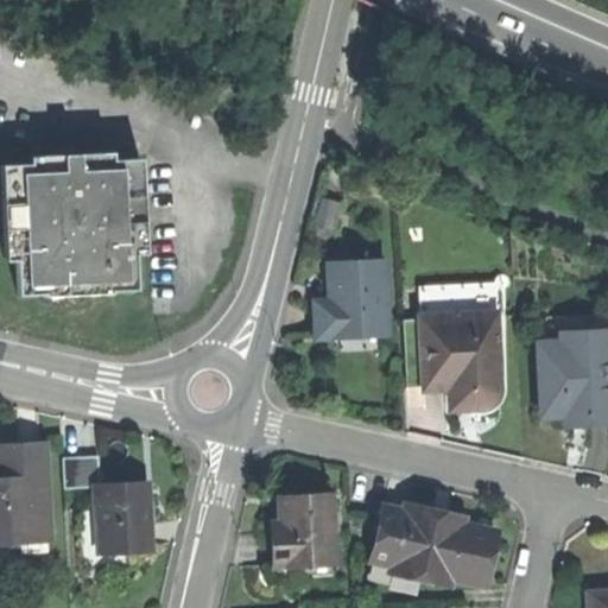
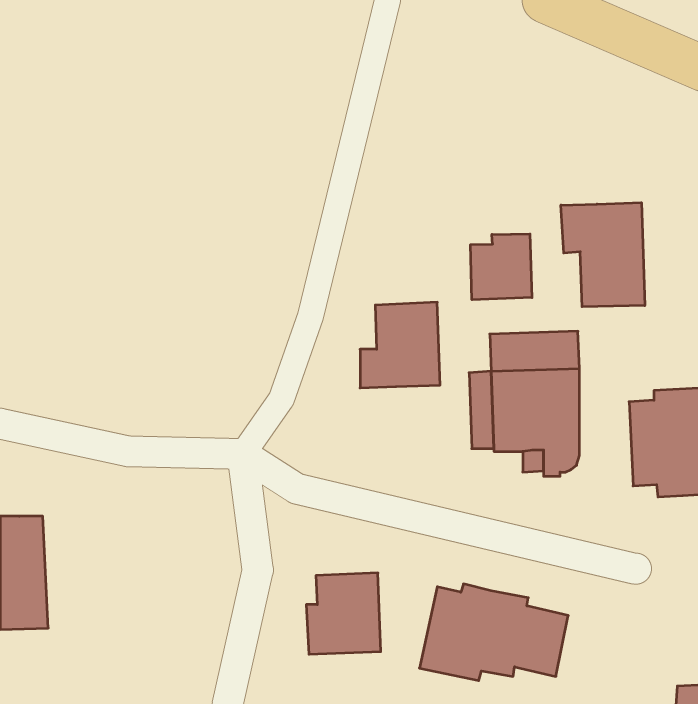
building: [12,151,138,294] -> none
building: none -> [561,203,645,307]
building: none -> [471,234,532,300]
building: [65,460,150,552] -> none

